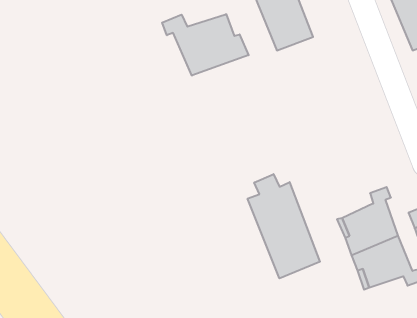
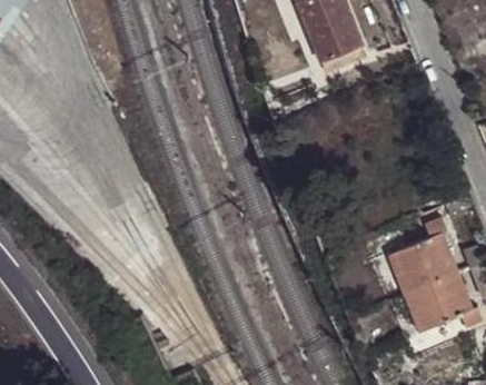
building: [162,14,249,76] -> none
building: [248,174,320,278] -> none

